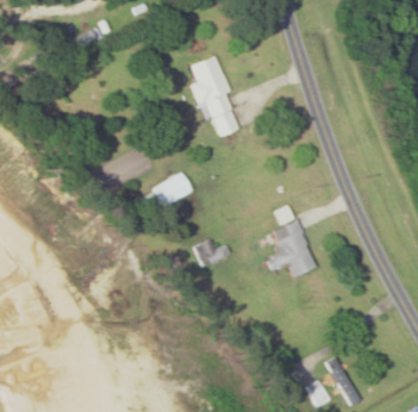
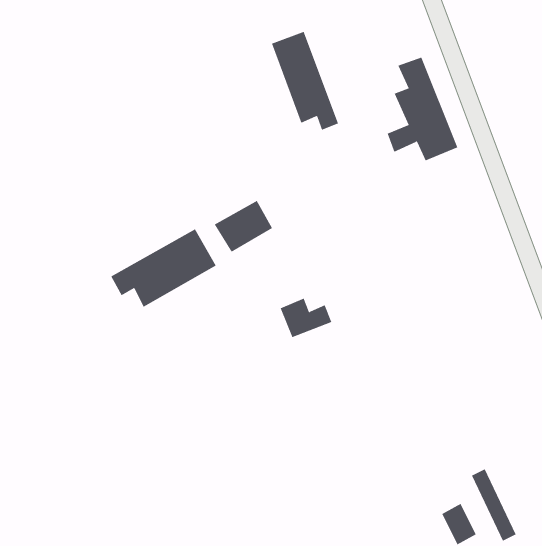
building: none -> [111,228,216,308]
building: [266,206,314,277] -> [387,57,458,161]

